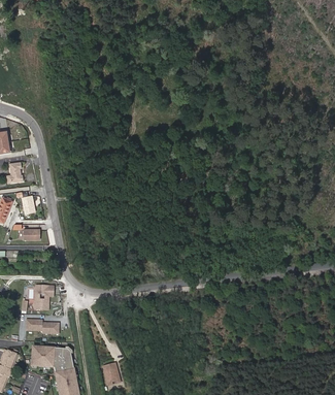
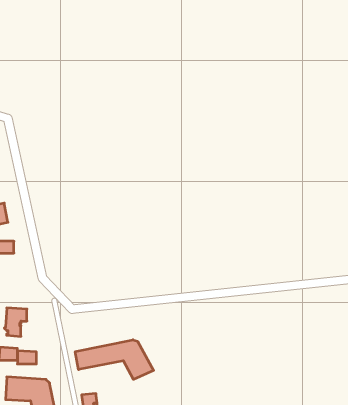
building: none -> [75,340,154,379]

